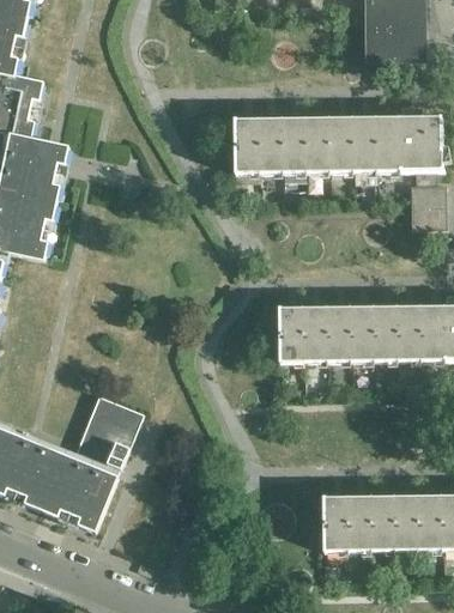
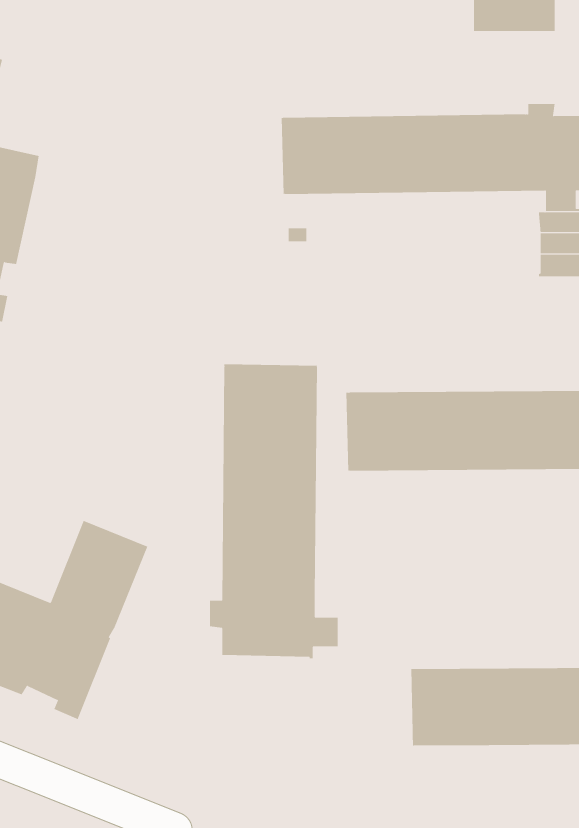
building: none -> [209,363,338,659]

